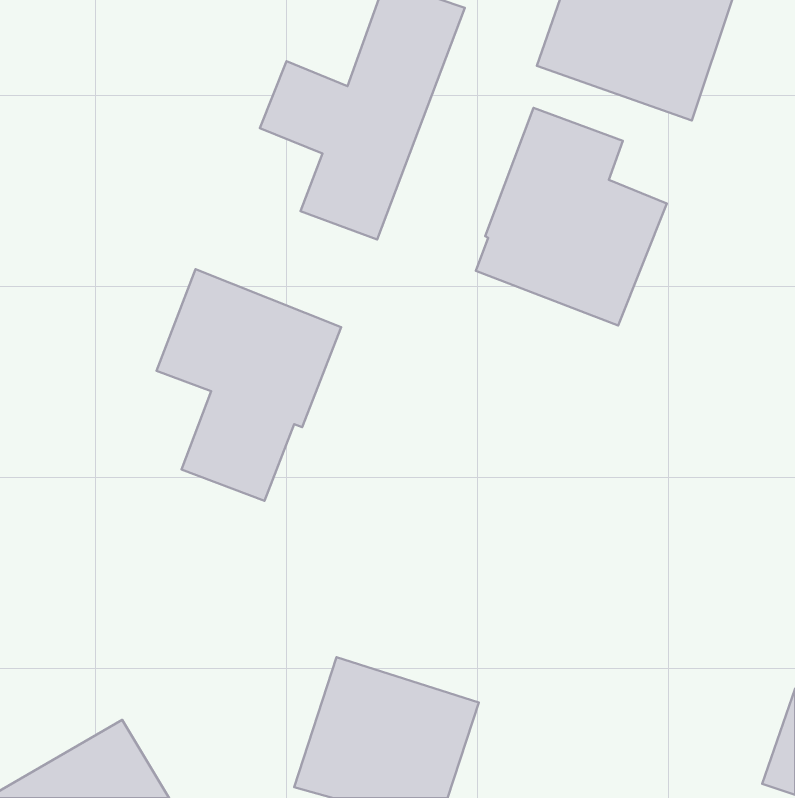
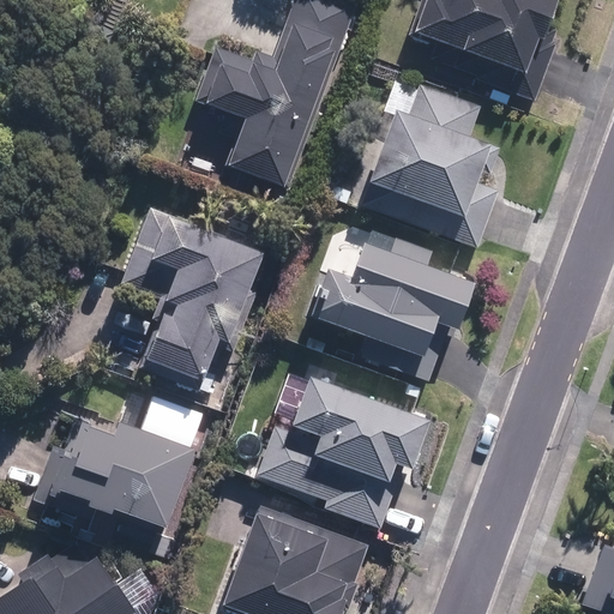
building: none -> [308,241,471,356]
building: none -> [259,374,426,524]
building: none -> [32,396,200,549]

